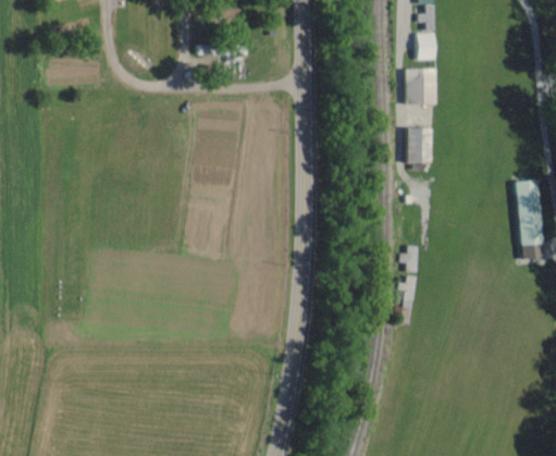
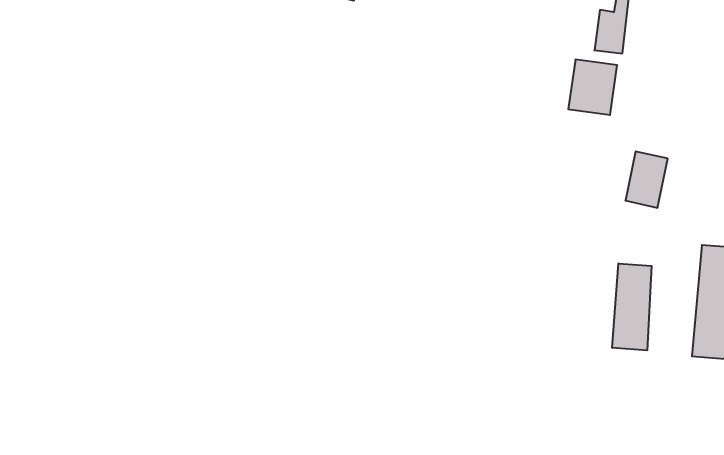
building: [406,127,430,163] -> [625,151,668,208]
building: none -> [612,263,652,350]

